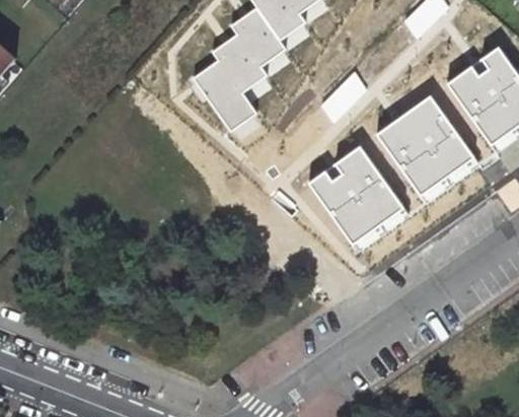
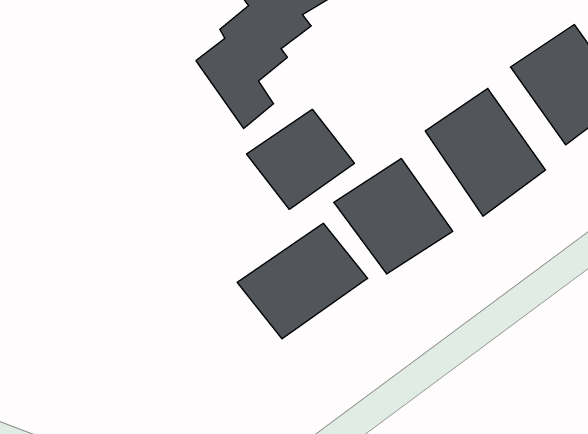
building: none -> [247,109,354,209]
building: none -> [237,223,368,339]

